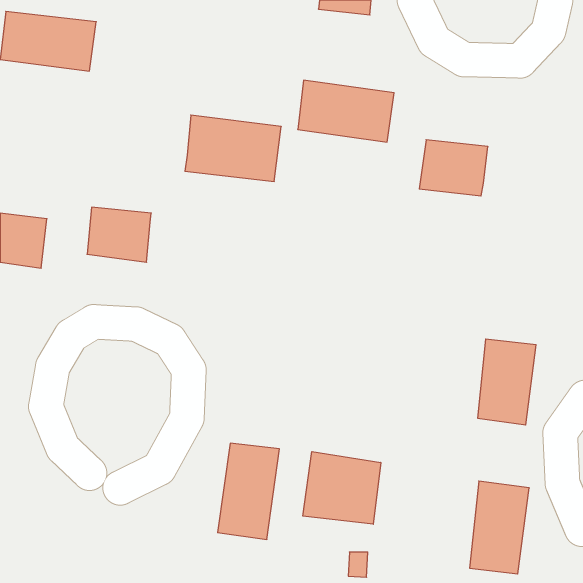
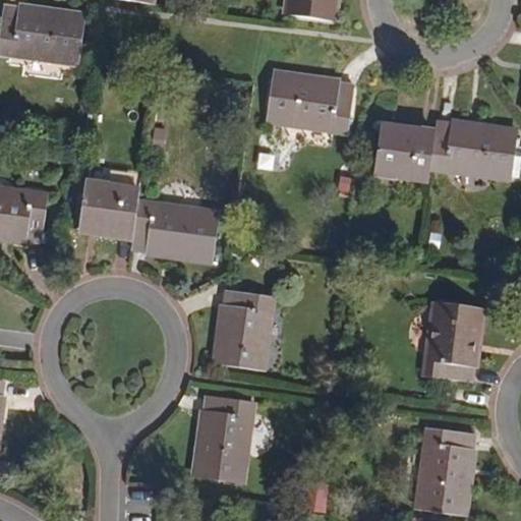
building: [185,115,281,181] -> [130,199,216,258]
building: none -> [431,121,514,174]
building: none -> [217,289,272,367]
building: [303,452,381,524] -> none

